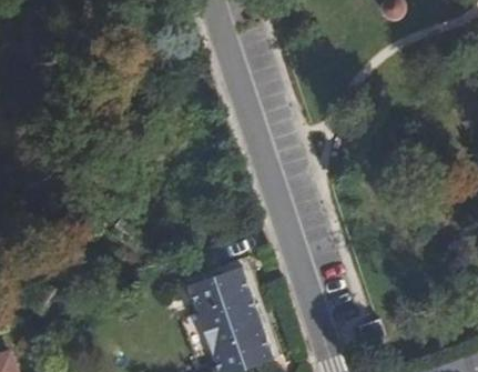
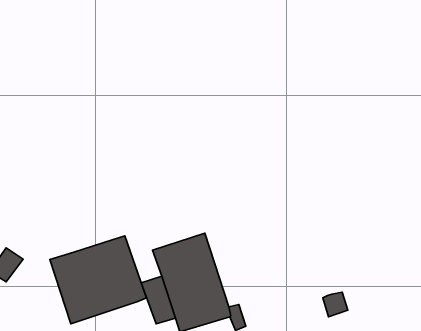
building: none -> [50,236,146,324]

